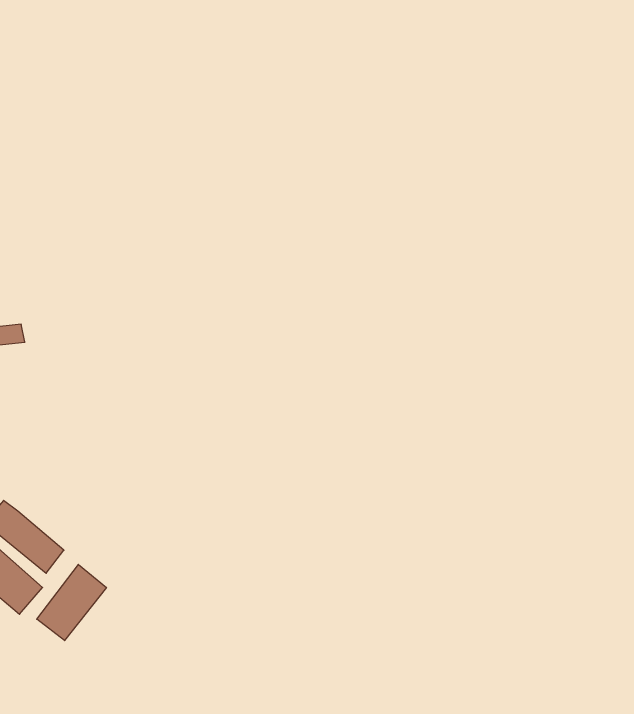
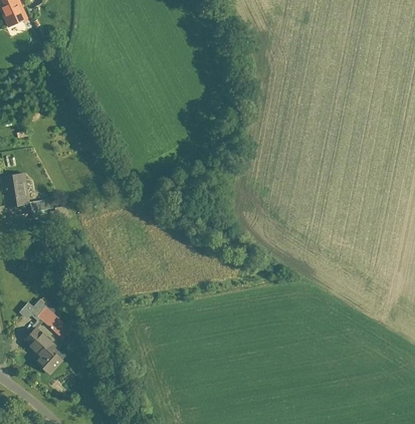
building: [37,564,106,641] -> none

